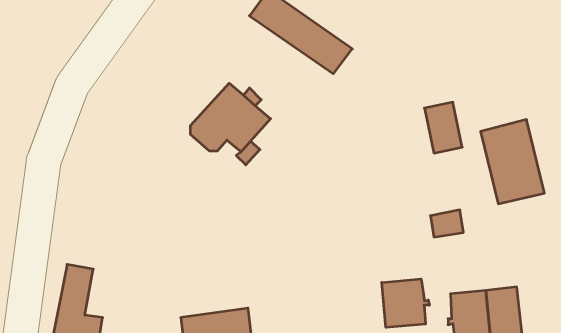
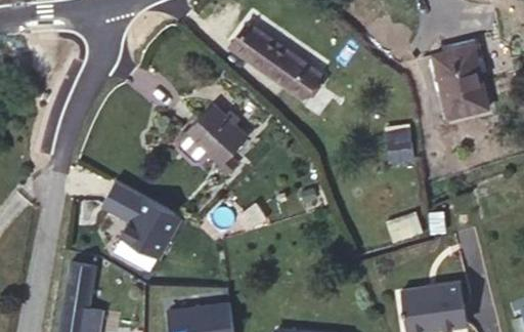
building: [481,120,544,204] -> [433,45,488,118]
building: none -> [102,180,180,258]
building: [382,279,429,327] -> none

